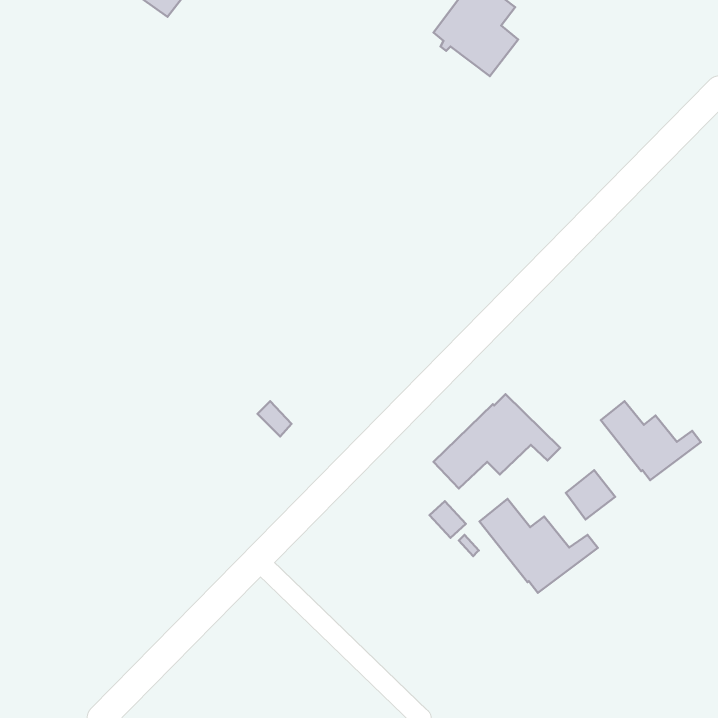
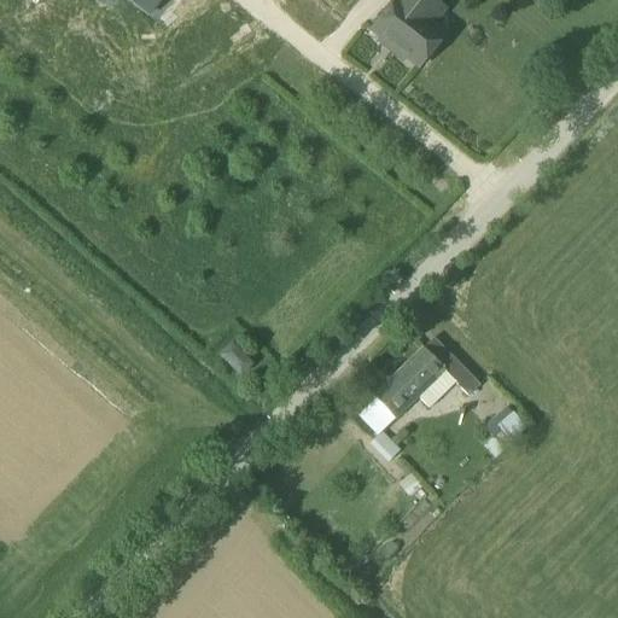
building: [601,401,701,480] -> none
building: [480,499,598,593] -> none

